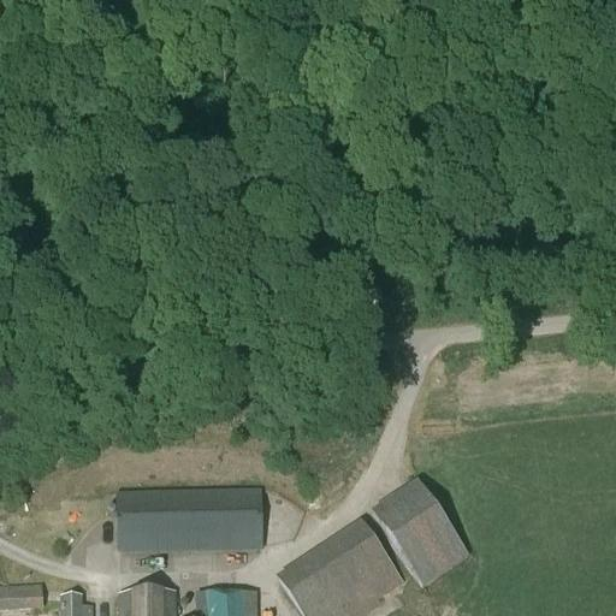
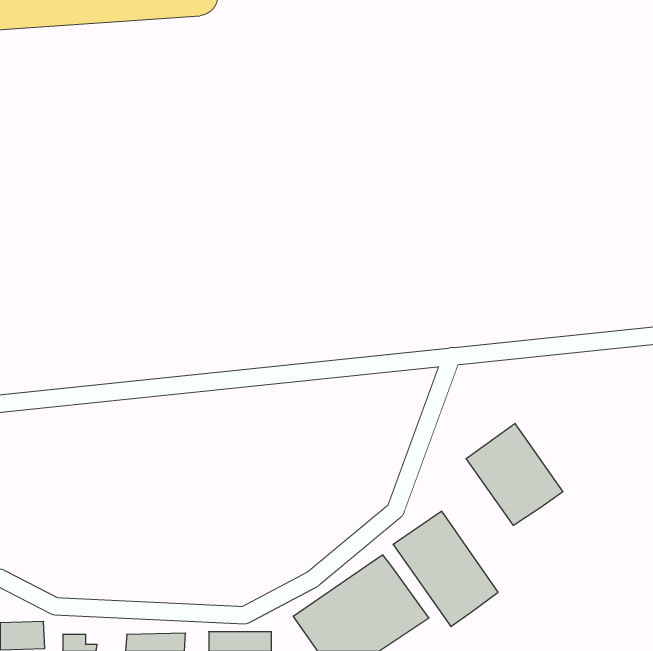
building: none -> [466,423,563,525]
building: [118,488,263,551] -> none

